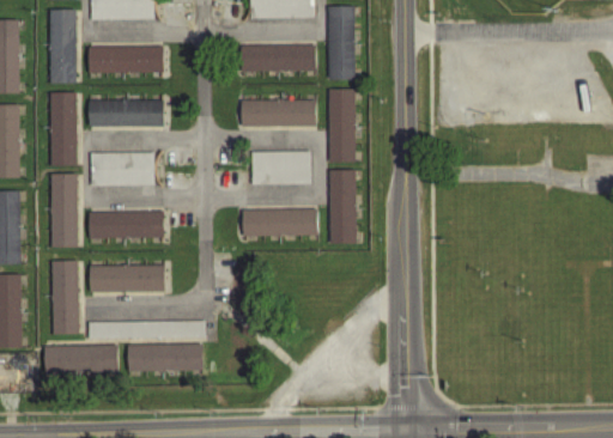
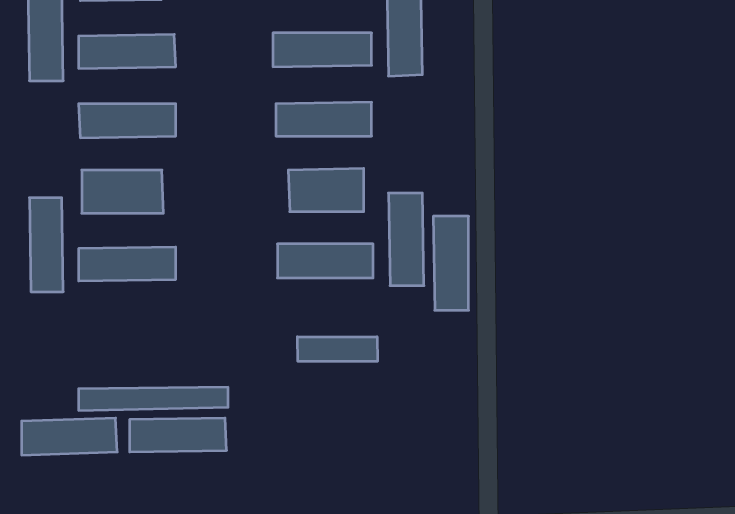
building: [328,89,356,162] -> [433,216,469,310]
building: [50,92,77,165] -> none
building: [51,260,79,333] -> none
building: [90,264,164,292] -> none
building: none -> [297,337,377,361]

